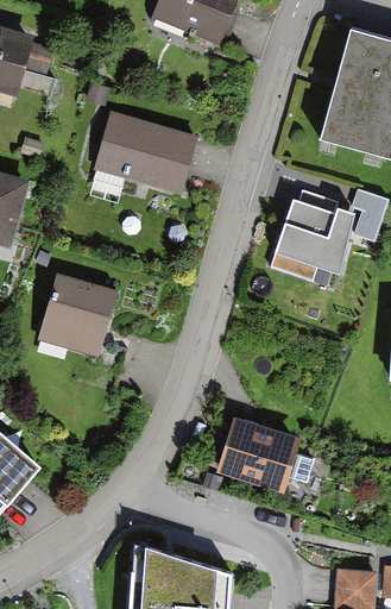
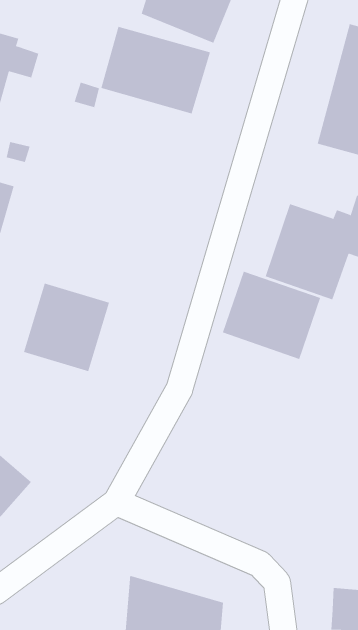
building: [92,109,197,194] -> [101,26,211,114]
building: none -> [222,271,321,360]
building: [216,417,315,494] -> none

